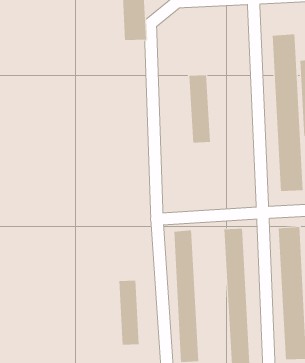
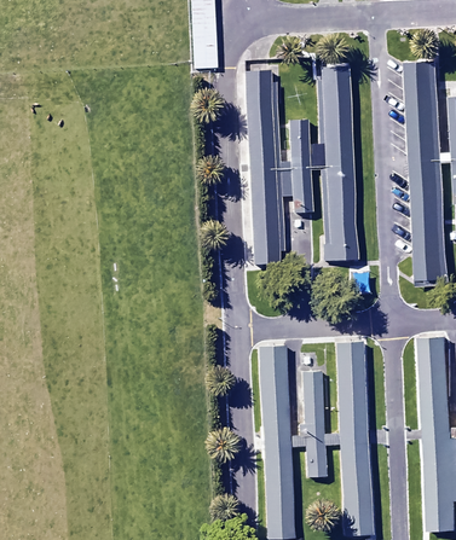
building: none -> [314,66,362,265]
building: none -> [246,72,283,266]
building: [119,280,139,345] -> [300,368,330,463]

